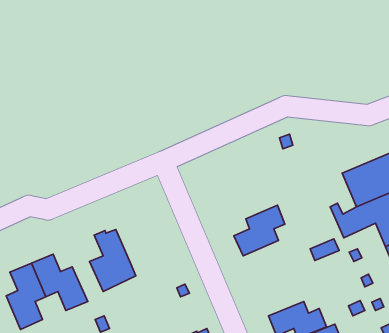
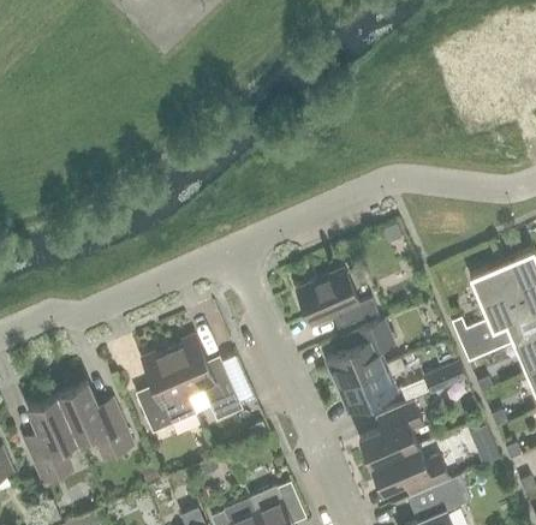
building: none -> [297,269,377,329]
building: none -> [169,335,242,419]
building: none -> [338,358,405,412]
building: none -> [359,400,423,465]

